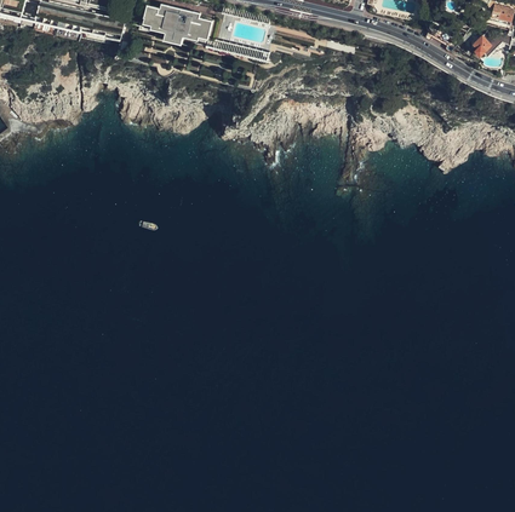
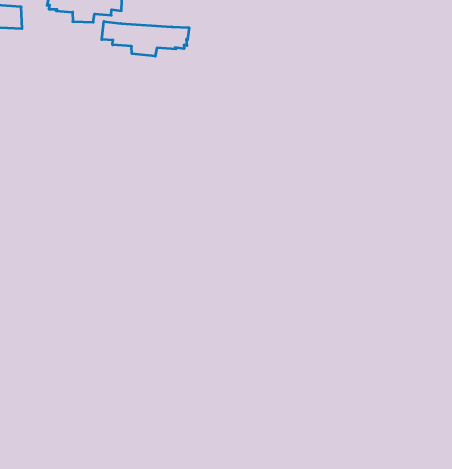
building: none -> [102,21,189,56]

